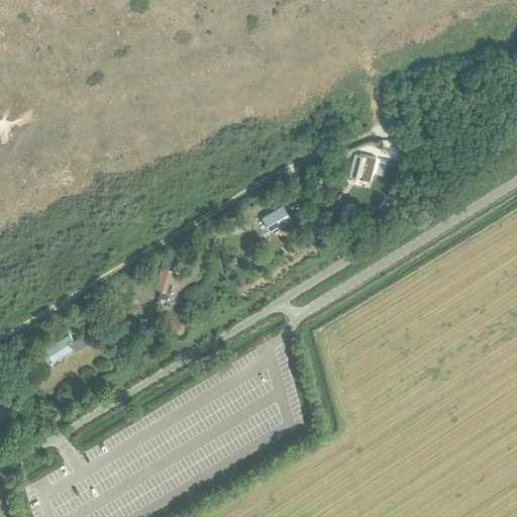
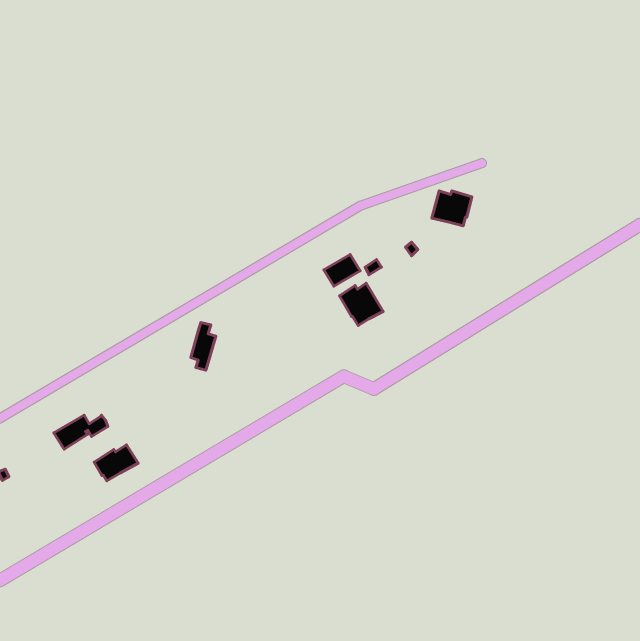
building: none -> [340,283,383,325]
building: none -> [94,445,138,481]

